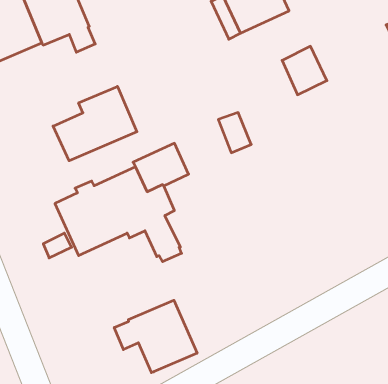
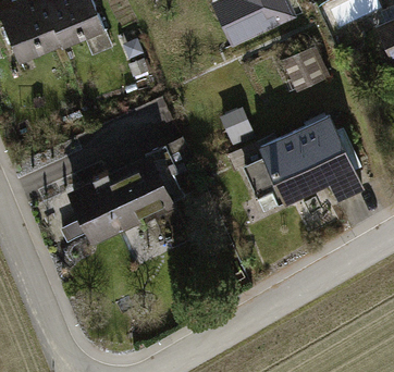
building: [53,86,137,161] -> none
building: none -> [245,116,362,198]
building: [114,300,197,373] -> none

